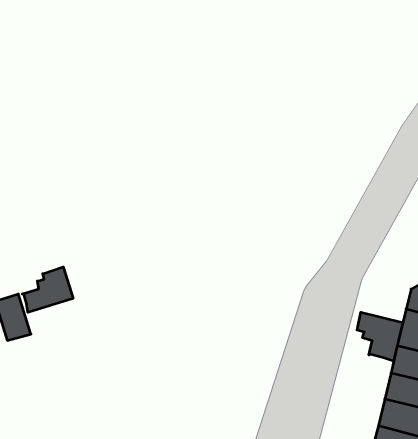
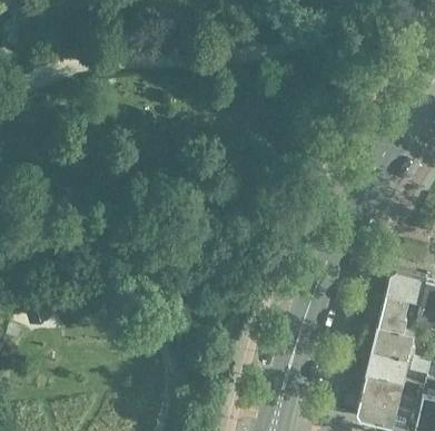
building: [22,267,73,312] -> none
building: [357,312,403,361] -> none

